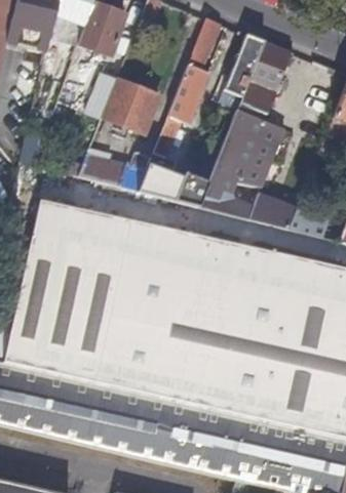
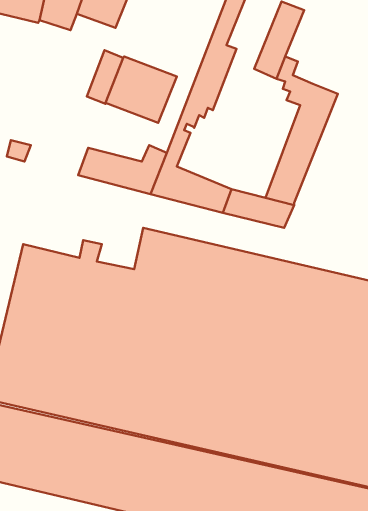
building: [249,41,292,101] -> none
building: [205,110,262,195] -> none
building: [34,199,132,253] -> none
building: [248,199,296,230] -> none

